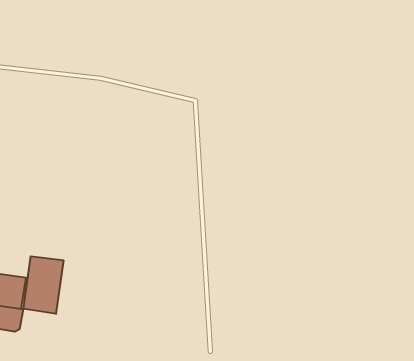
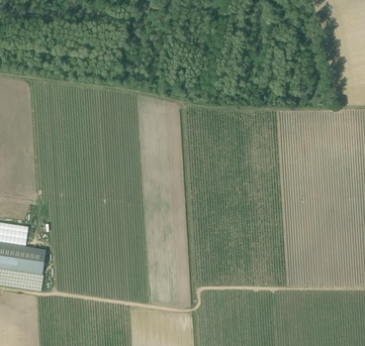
building: [24,256,63,314] -> none

